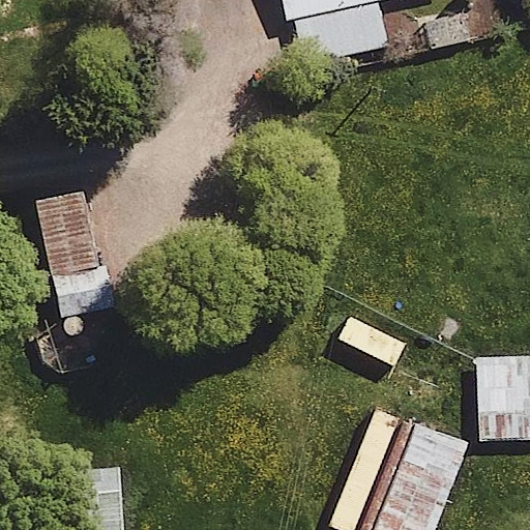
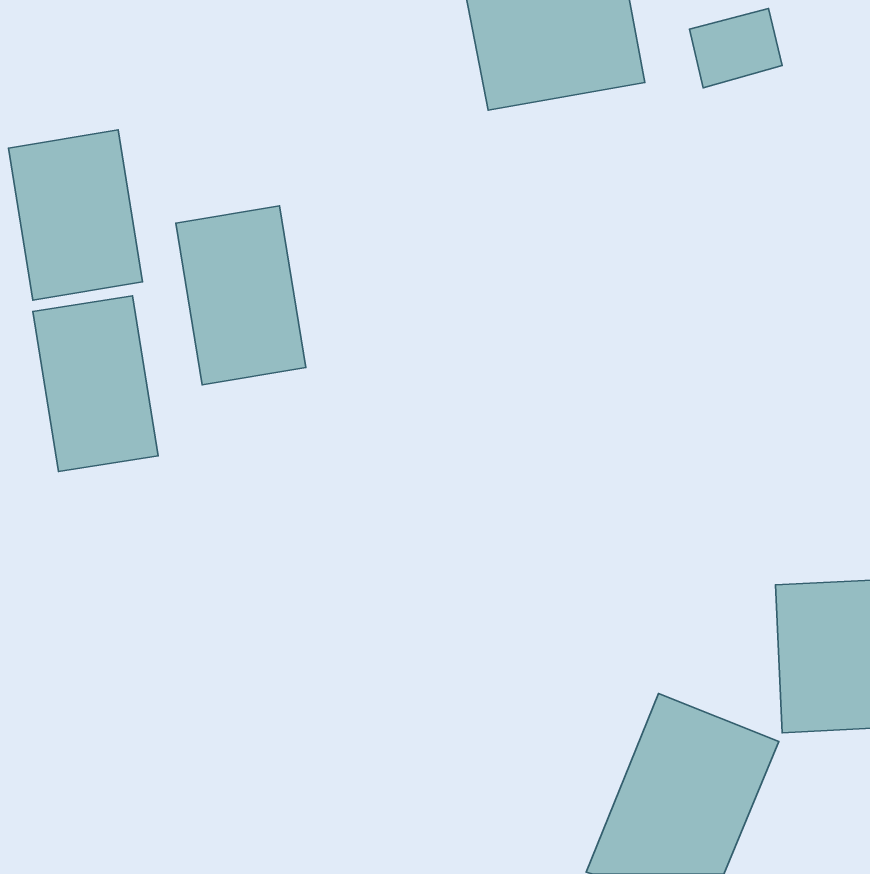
building: none -> [8,130,143,300]
building: none -> [176,206,306,385]

